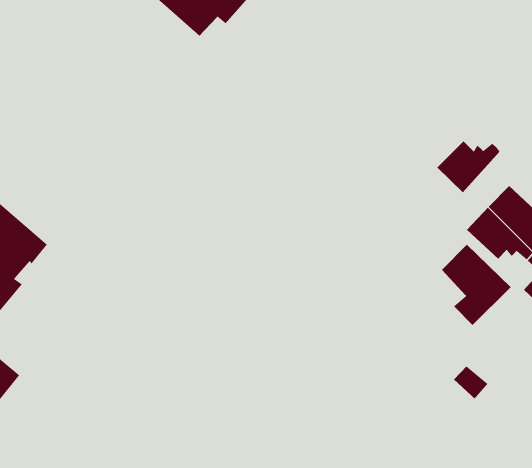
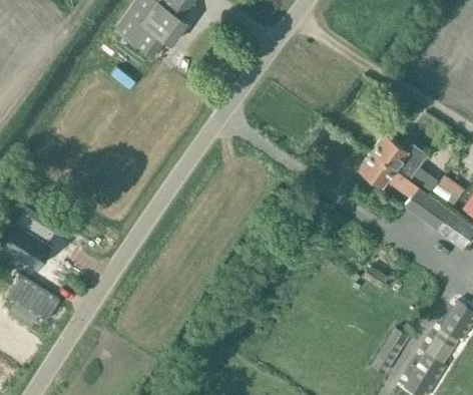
building: [437,140,500,193] -> none
building: [441,244,512,326] -> none

